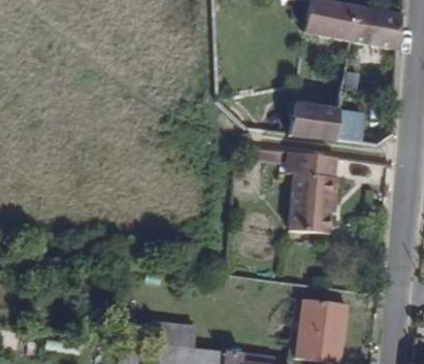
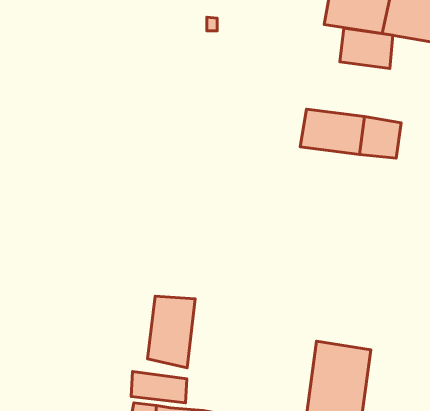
building: none -> [340,28,393,68]
building: [283,147,333,230] -> none
building: none -> [147,296,195,368]

